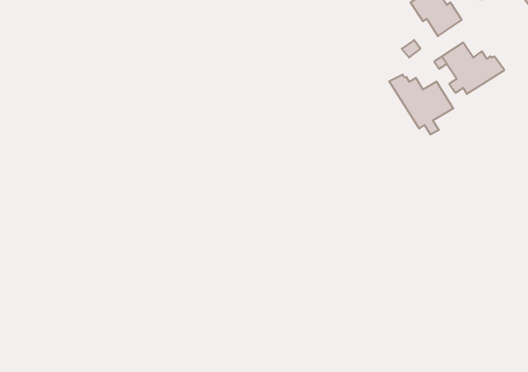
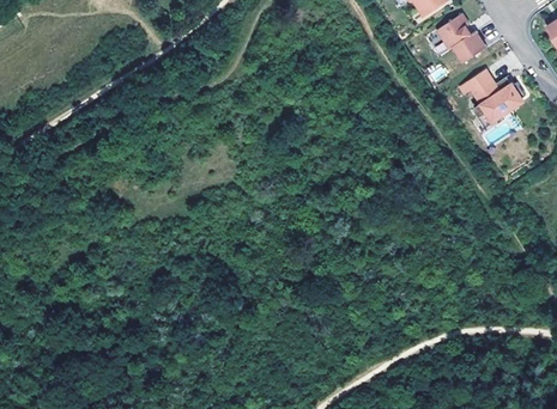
building: [389,74,453,135] -> none

